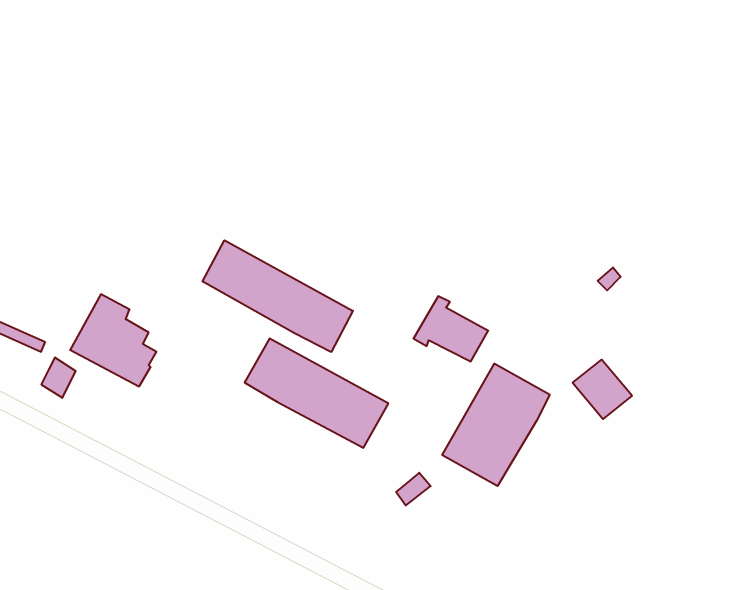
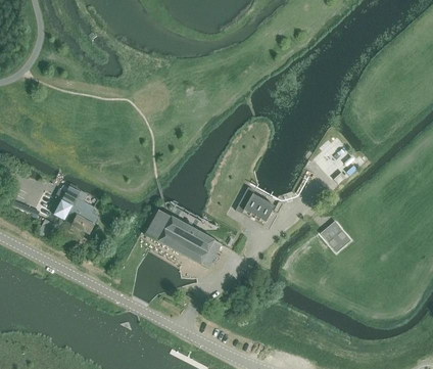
building: [203,240,353,352] -> none
building: [442,364,550,486] -> none

